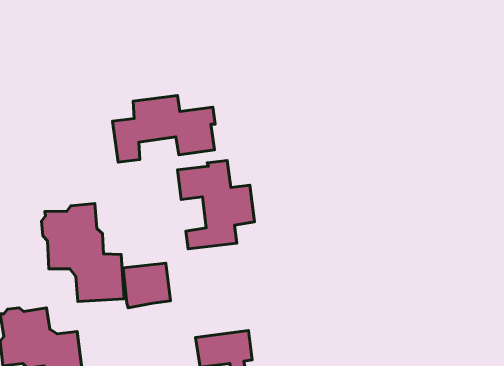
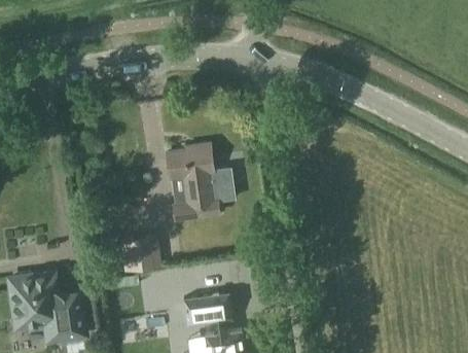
building: [113,95,215,162] -> none
building: [42,204,124,301] -> none

